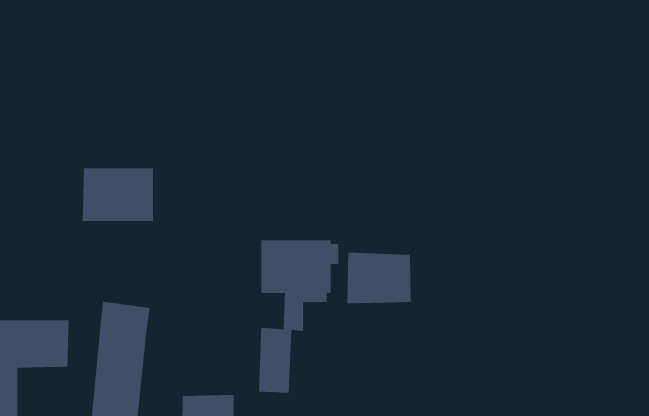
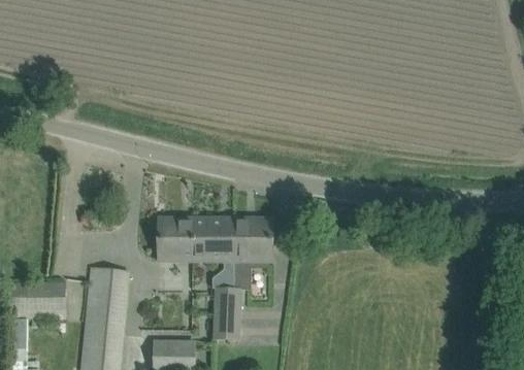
building: [82,168,154,221] -> [159,217,216,260]
building: [347,252,411,304] -> none

